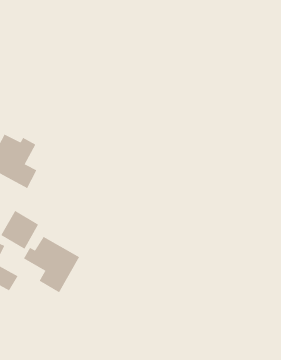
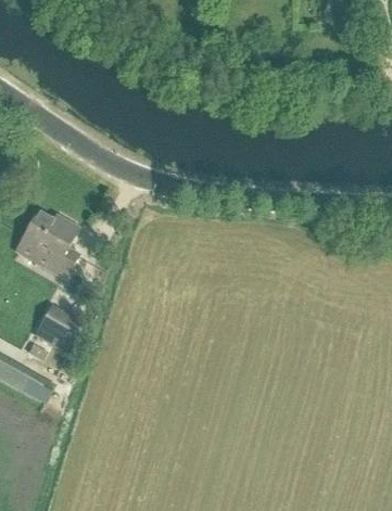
building: [23,236,80,293] -> none

